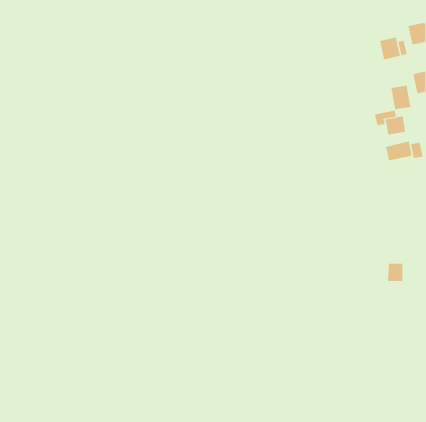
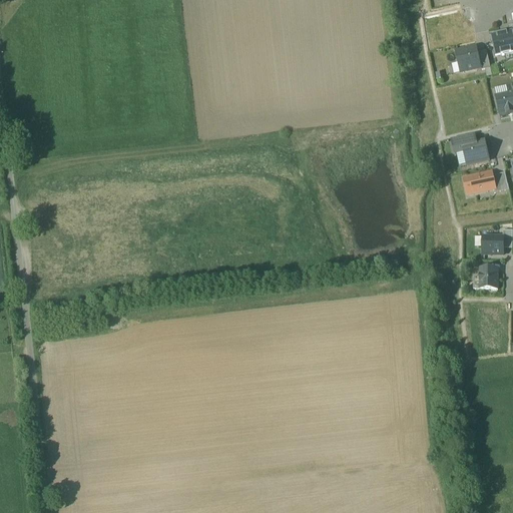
building: [391,85,411,110] -> none
building: none -> [482,231,505,253]
building: [387,263,403,281] -> [480,267,499,289]

